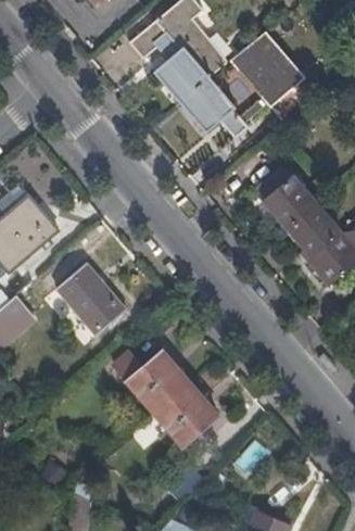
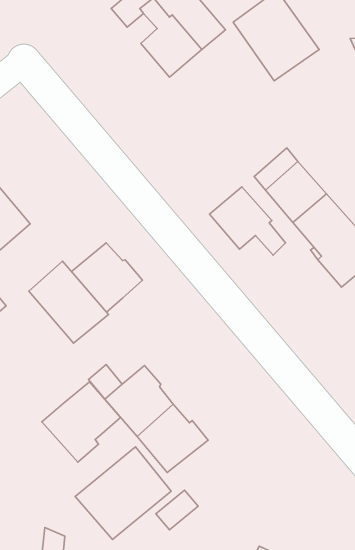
building: [180,78,246,138] -> [209,187,286,255]
building: none -> [71,243,143,312]
building: none -> [42,382,120,462]
building: none -> [75,447,171,540]

